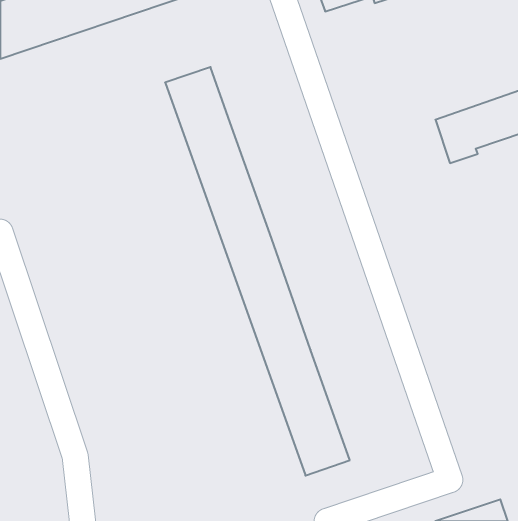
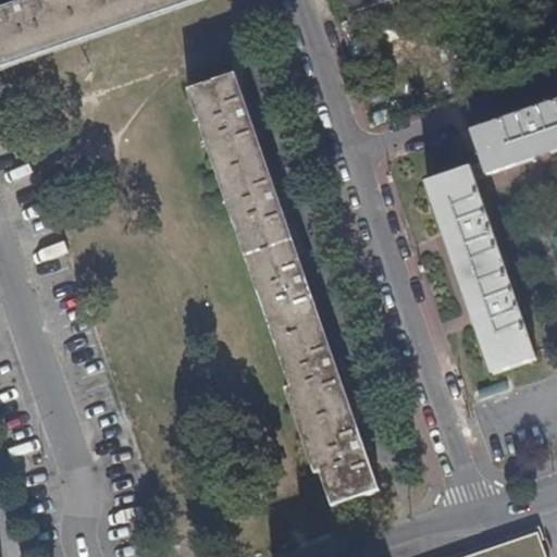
building: none -> [426,166,533,370]

